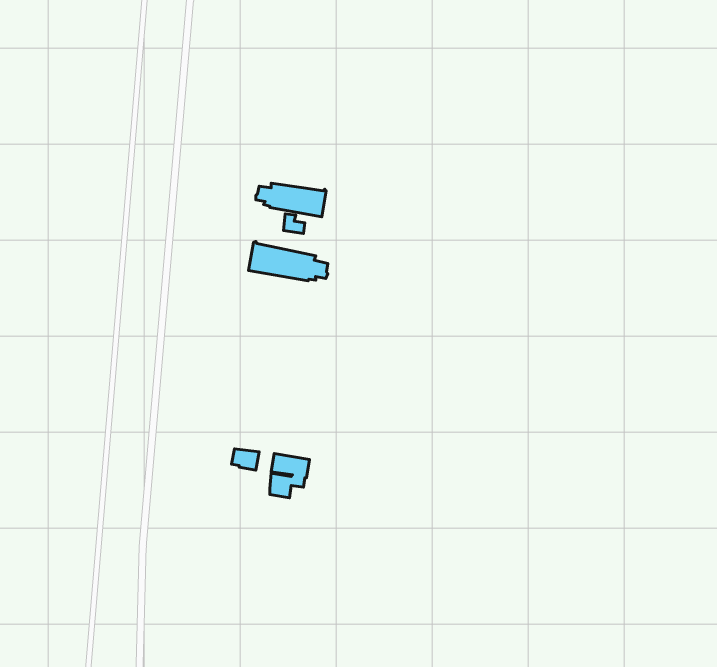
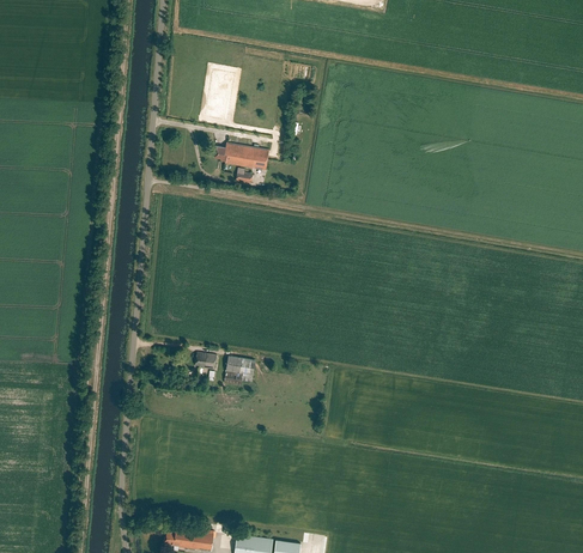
building: [249,242,328,281] -> none

